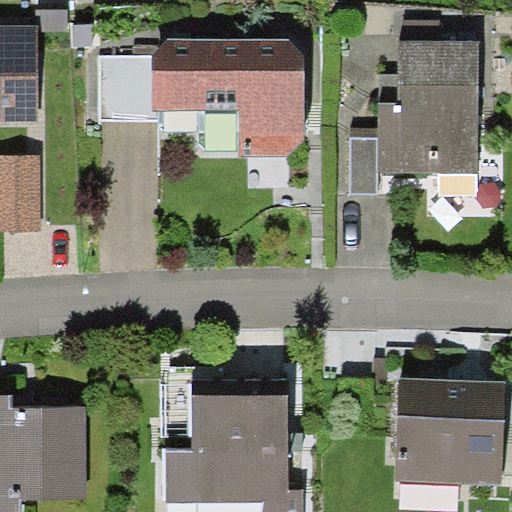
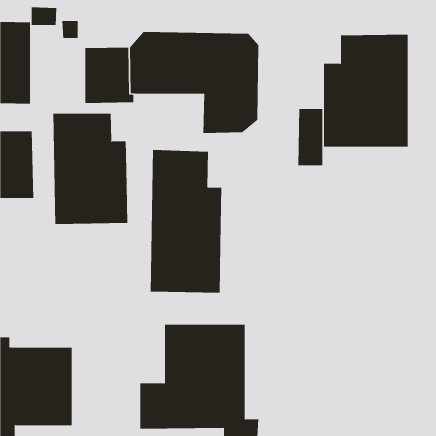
building: none -> [53,113,128,225]
building: none -> [150,149,222,293]
building: [394,379,504,484] -> none

